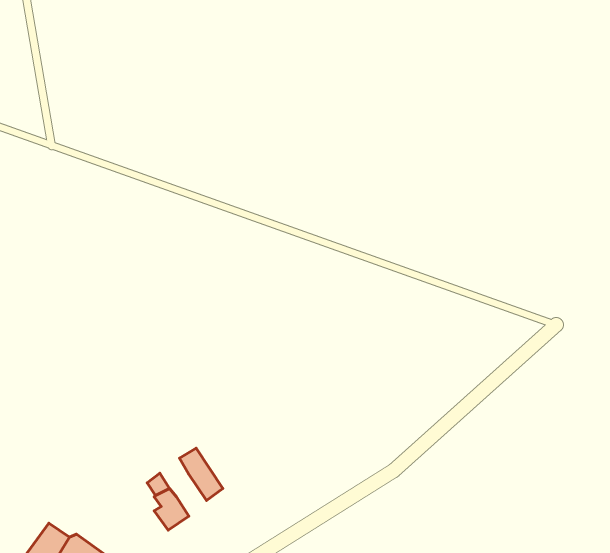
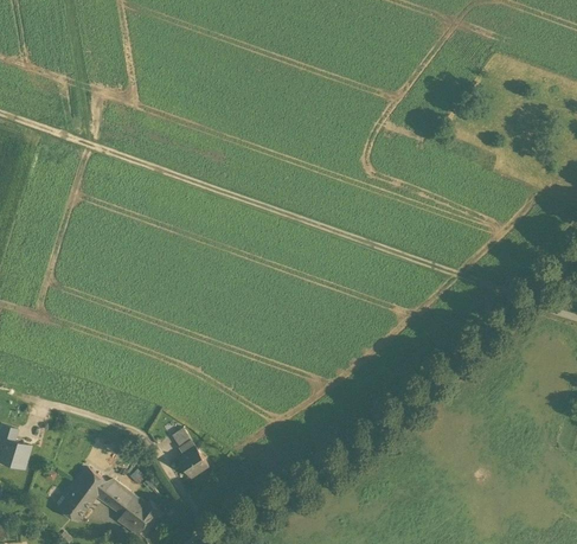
building: [180,448,223,501] -> none

